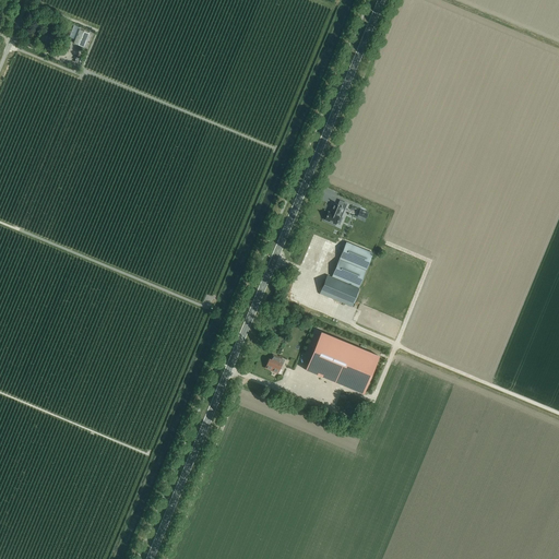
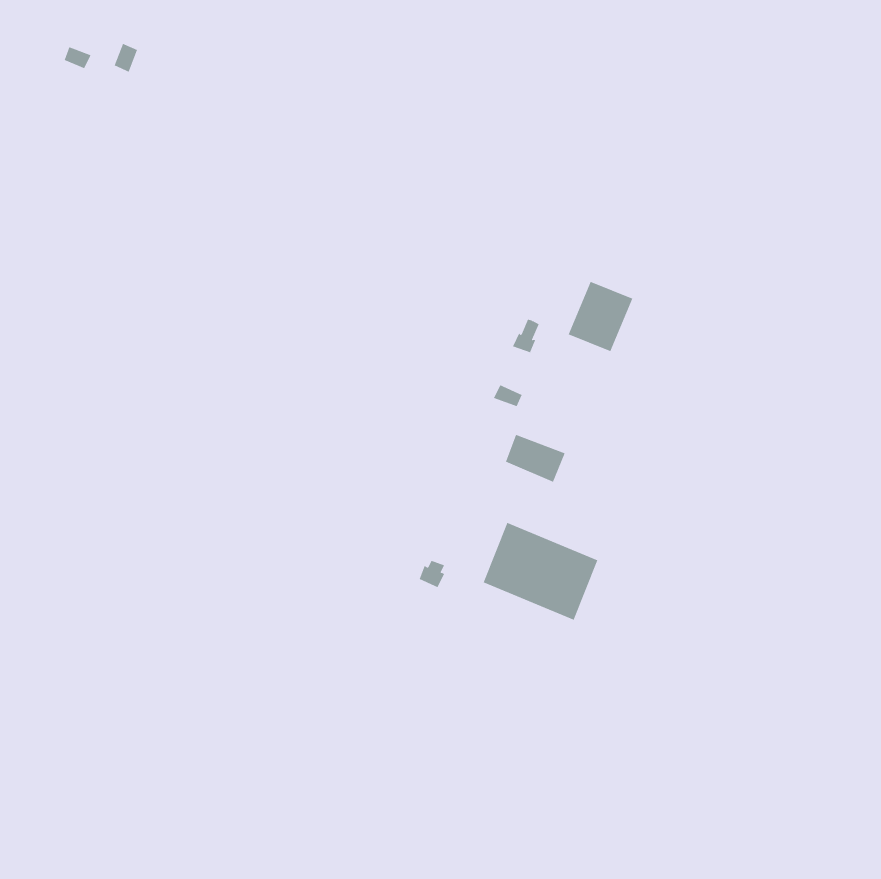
building: [332,241,373,286] -> [568,281,633,352]

